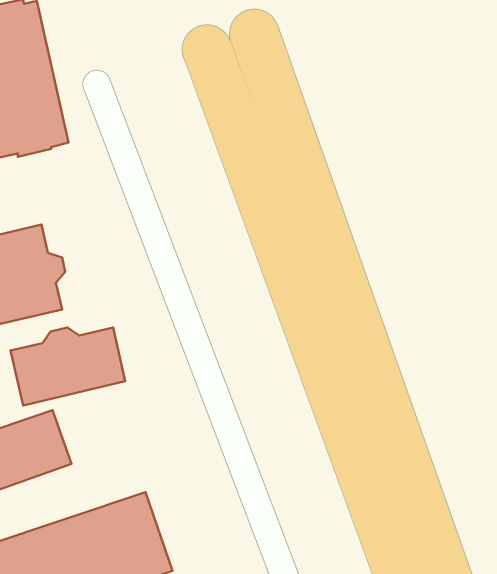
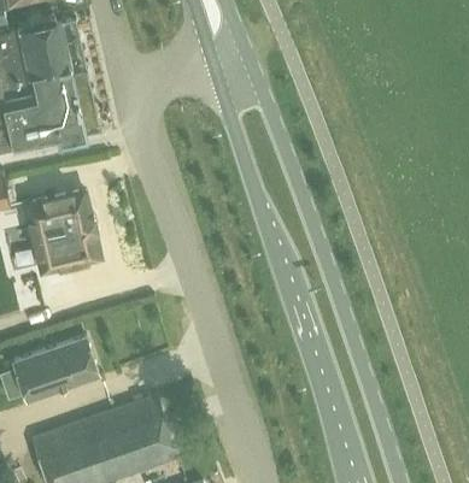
building: [10,327,125,406] -> none

